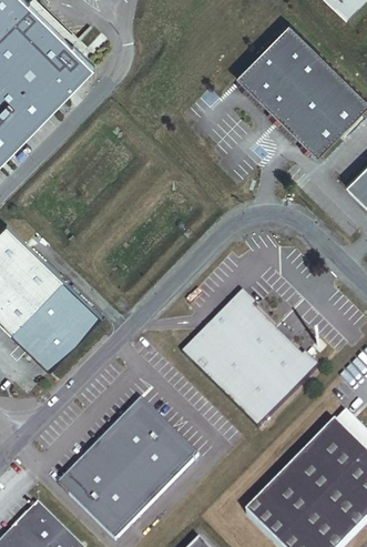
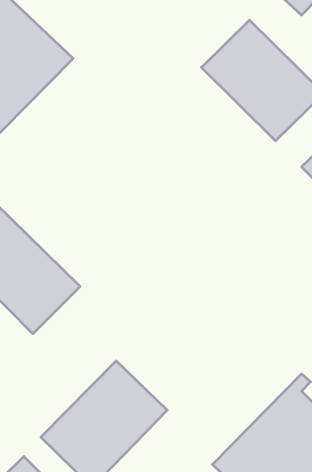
building: [181,293,318,429] -> none

